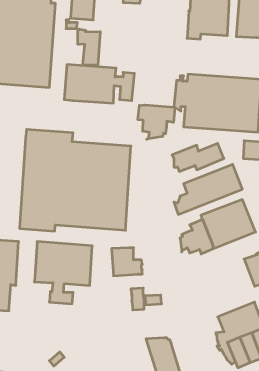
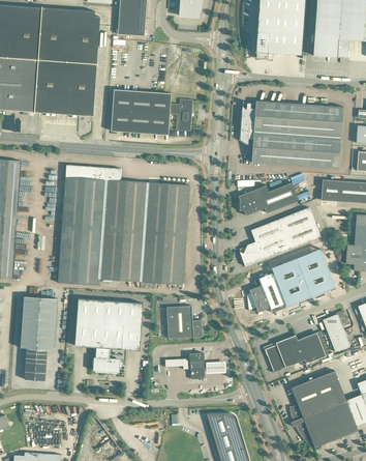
building: [78,29,100,65] -> none
building: [138,105,175,139] -> none
building: none -> [265,333,325,372]

